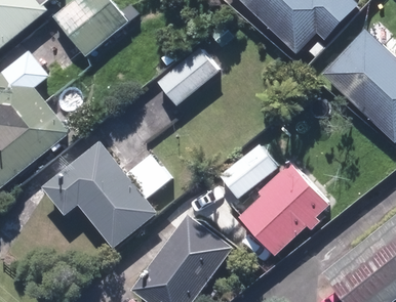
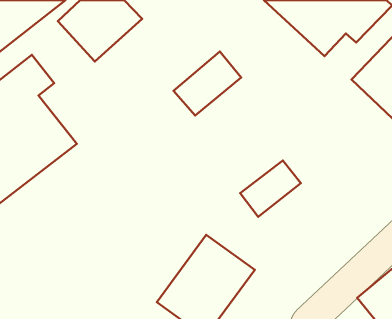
building: [41,143,158,249] -> none
building: [238,163,328,252] -> none

